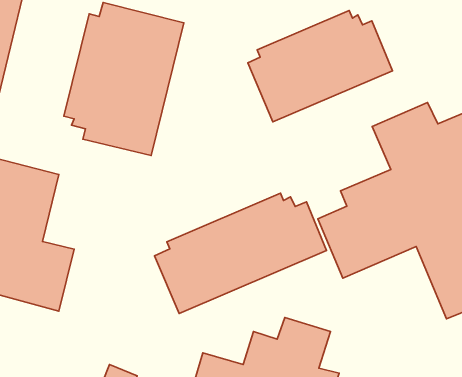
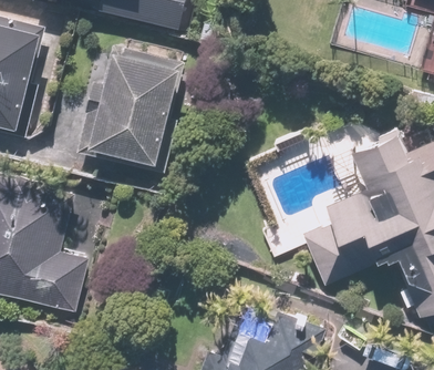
building: [248,11,392,122] -> none
building: [154,193,327,313] -> none

